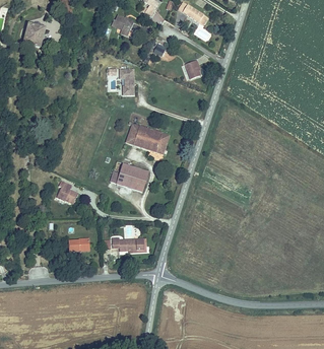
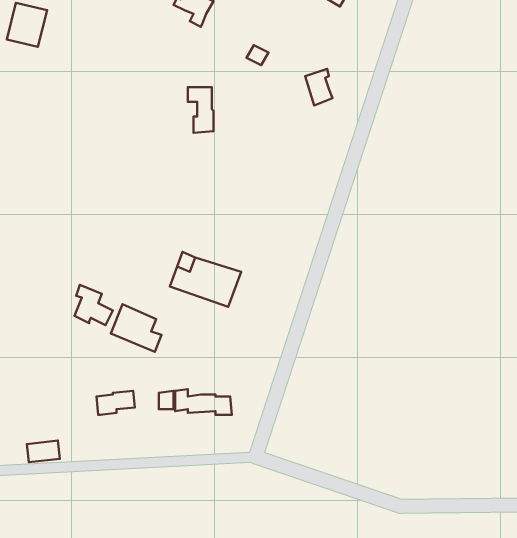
building: [127,124,169,154] -> none
building: none -> [111,304,161,352]

